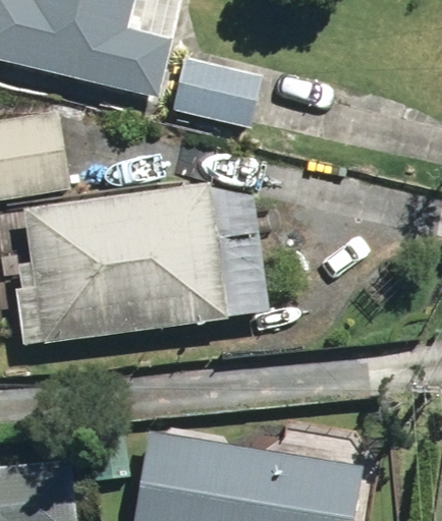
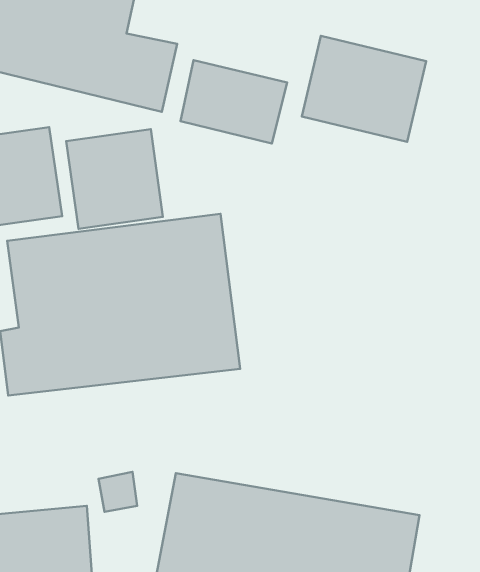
building: none -> [302,36,426,142]
building: none -> [66,129,163,229]

